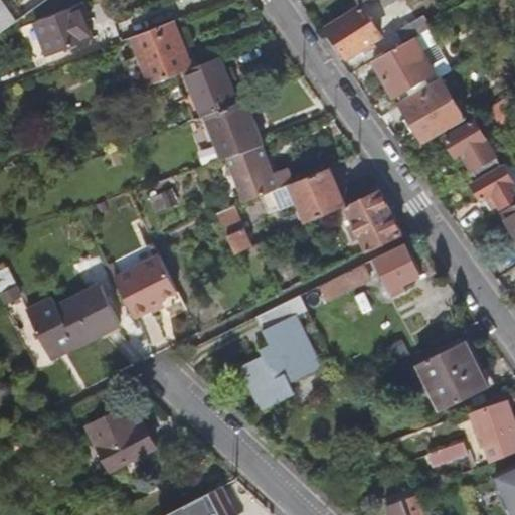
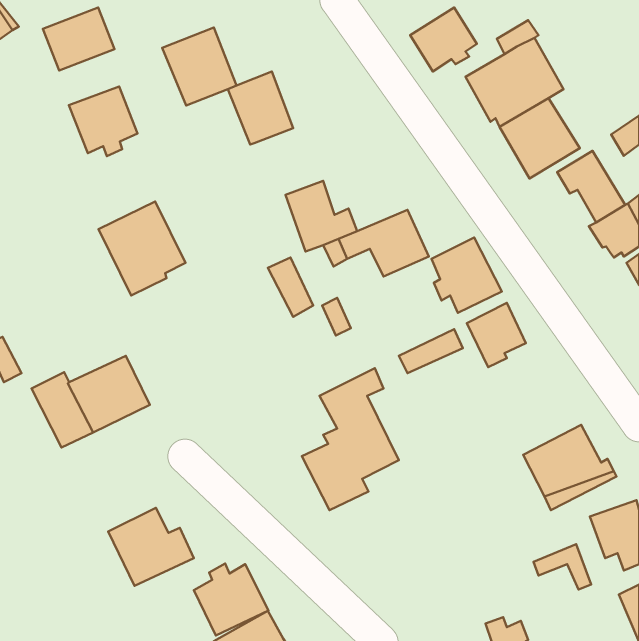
building: none -> [69,86,137,156]
building: [203,101,262,160] -> none
building: [108,242,177,318] -> [99,201,185,296]
building: none -> [194,563,269,636]

